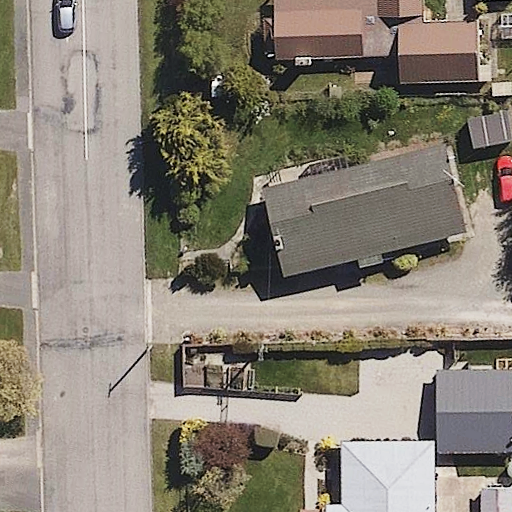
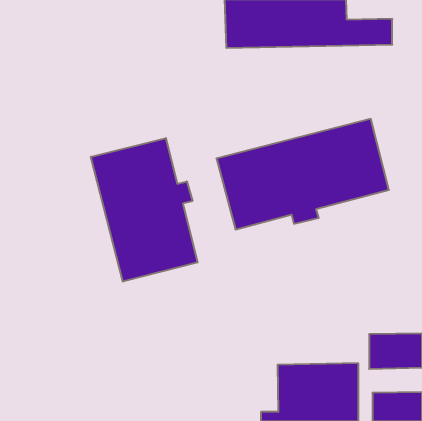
building: none -> [91,138,198,282]

